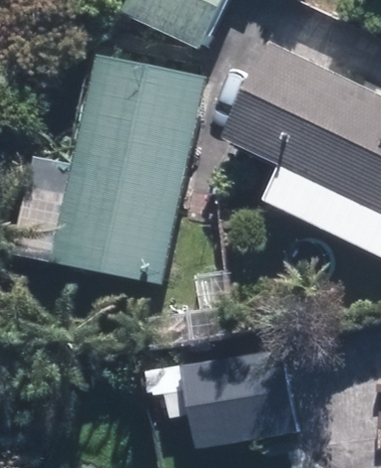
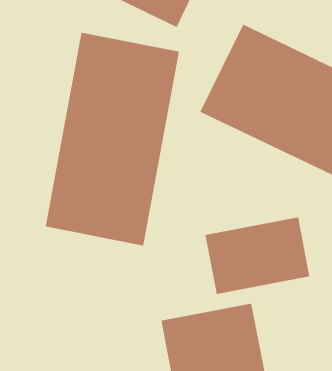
building: none -> [205,216,310,295]

